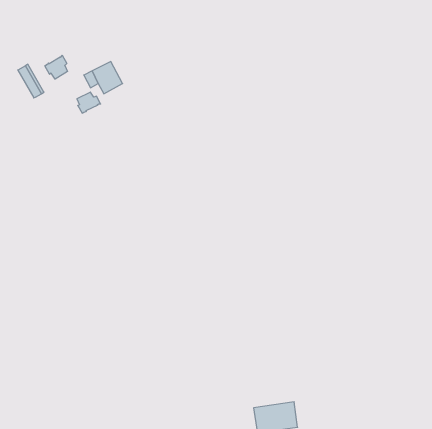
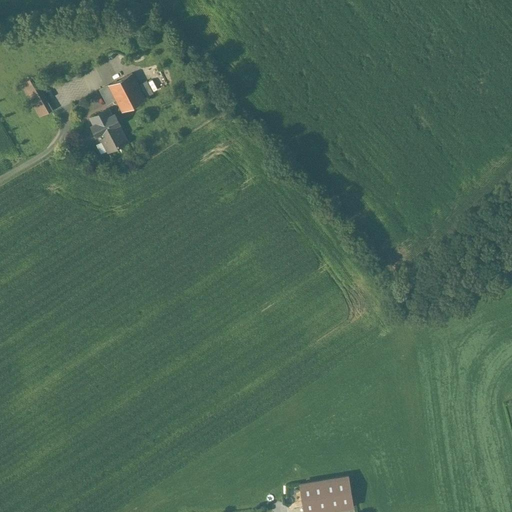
building: [45,55,68,79] -> none
building: none -> [99,126,126,153]

